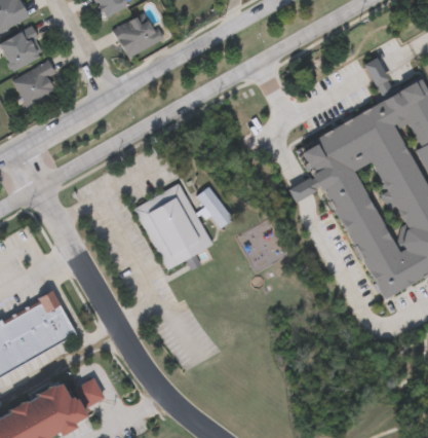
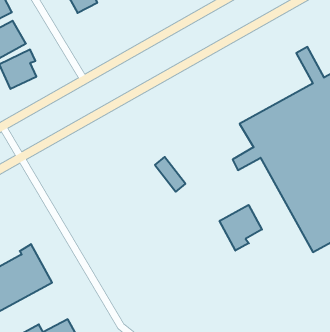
building: [113,12,161,57] -> none
building: [134,183,213,269] -> none
building: none -> [220,205,262,251]

